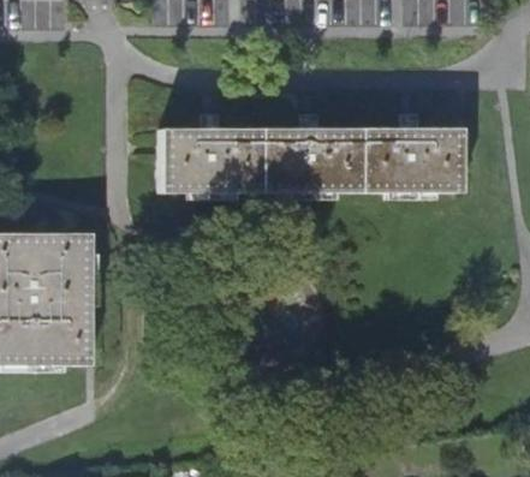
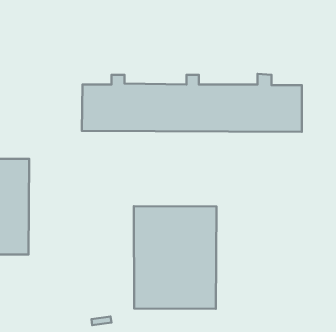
building: none -> [134,206,216,309]

